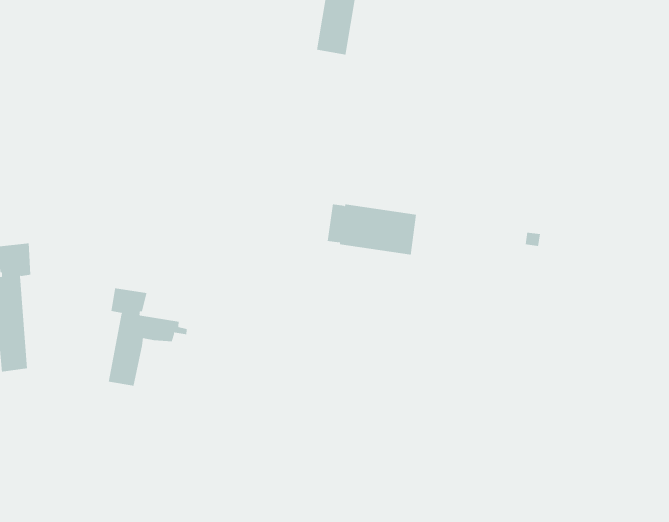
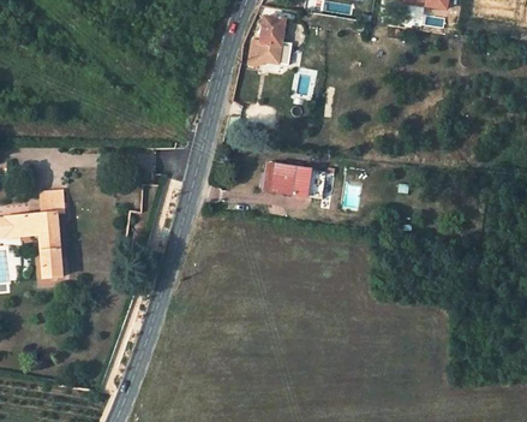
building: [108,288,187,387] -> none

